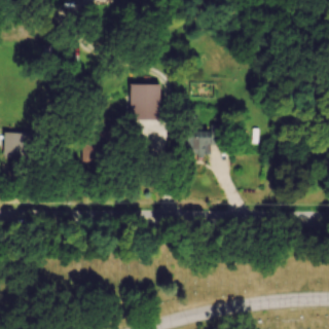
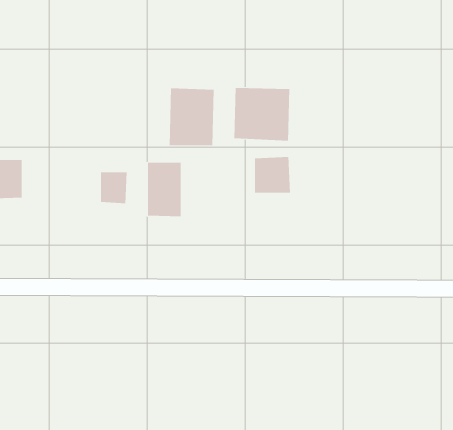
building: none -> [234,87,290,141]
building: none -> [148,162,181,217]

